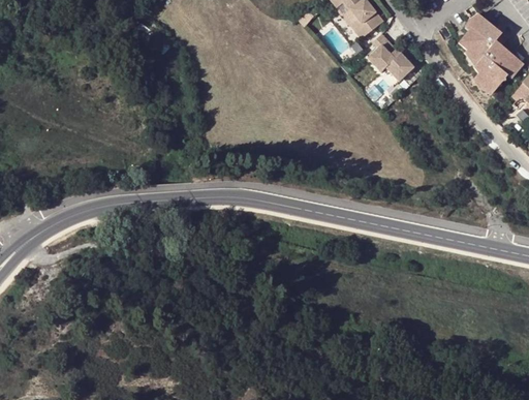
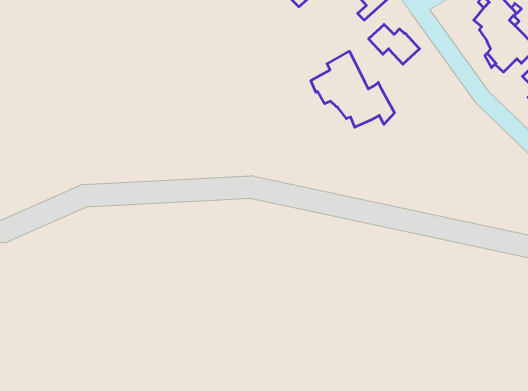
building: none -> [311,51,394,127]

